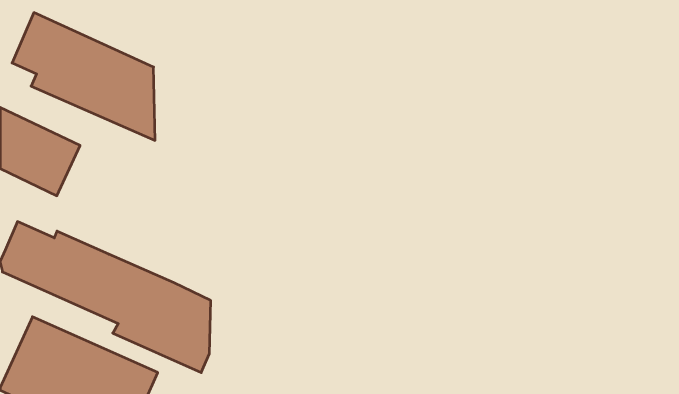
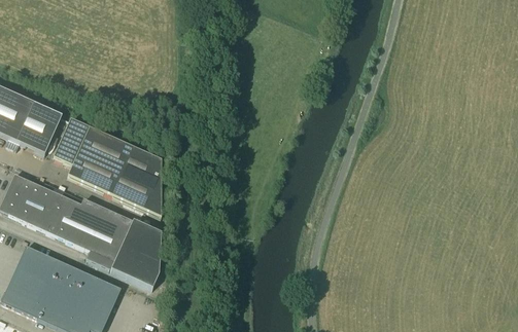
building: [12,13,155,140] -> [53,118,161,215]

